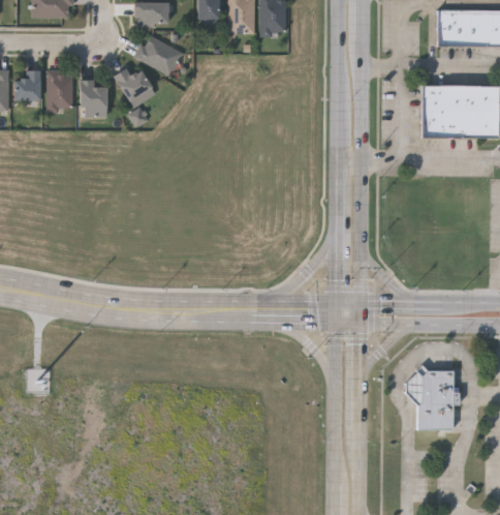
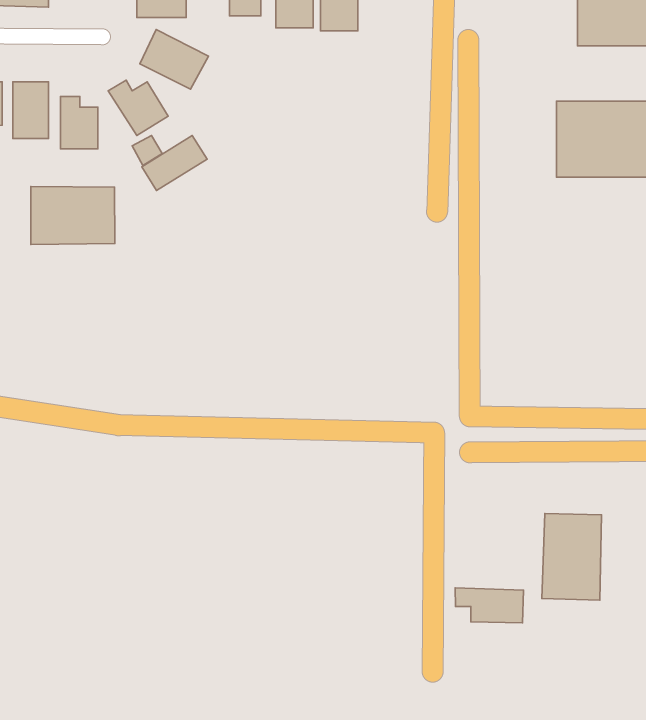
building: none -> [142,136,207,191]
building: none -> [31,187,115,244]
building: none -> [455,588,523,623]

